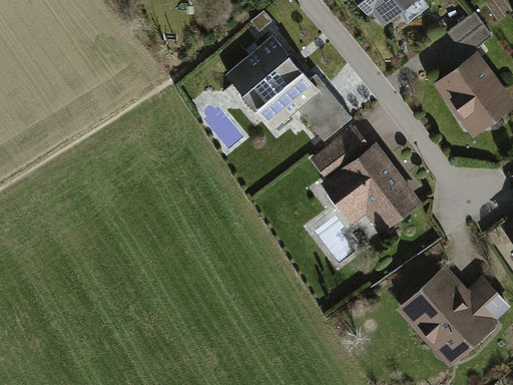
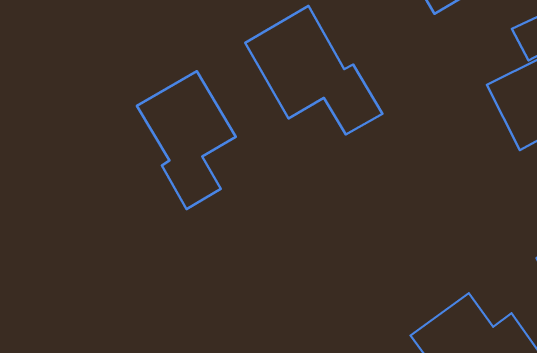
building: none -> [137,71,236,209]
building: [309,127,421,235] -> none

